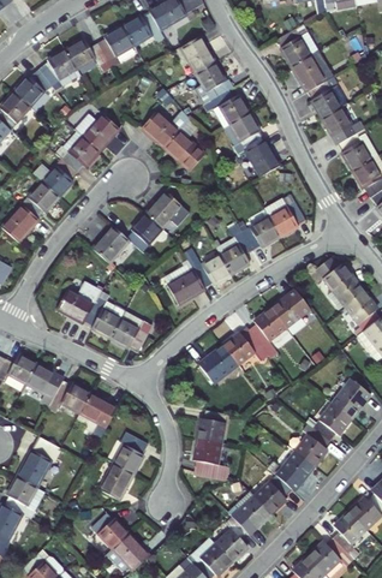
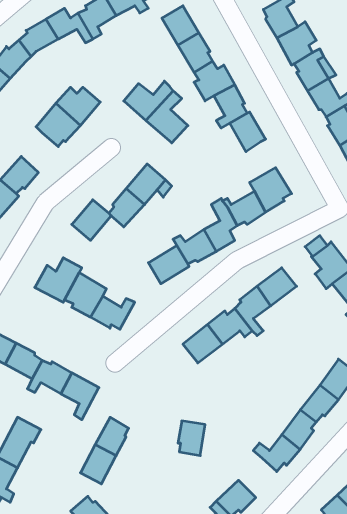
building: [42,159,78,197] -> none
building: [198,410,226,442] -> none
building: [253,475,291,513] -> none

